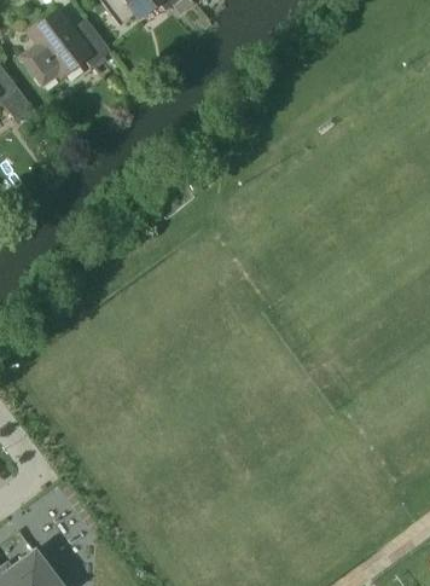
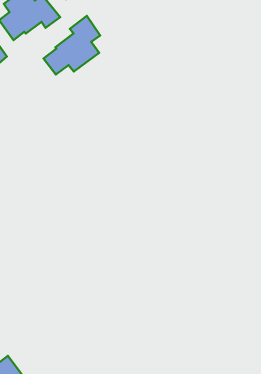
building: none -> [44,16,100,75]

